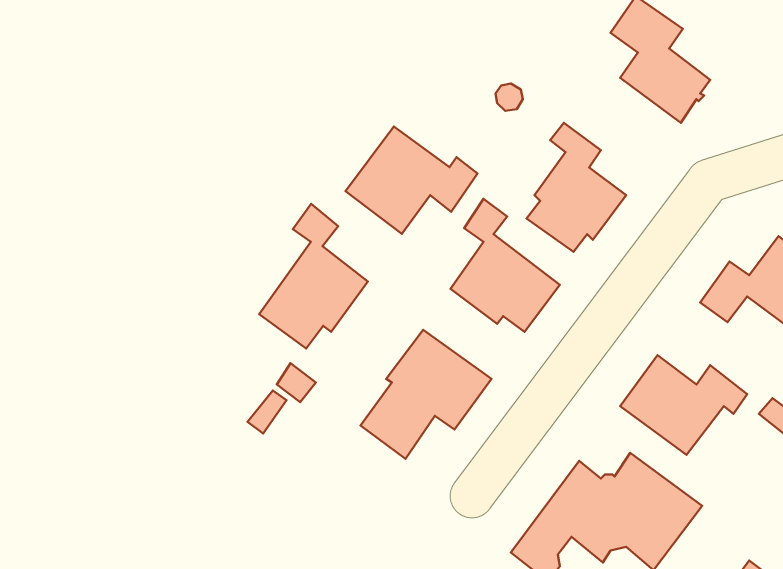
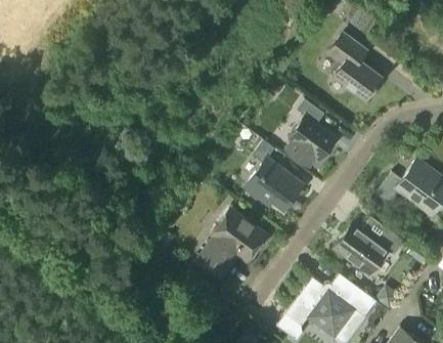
building: [346,127,478,234] -> none
building: [259,204,368,349] -> none

